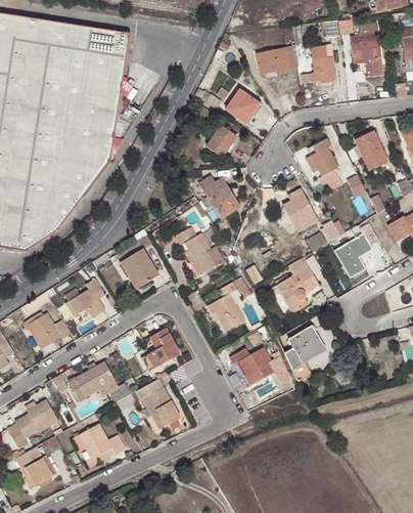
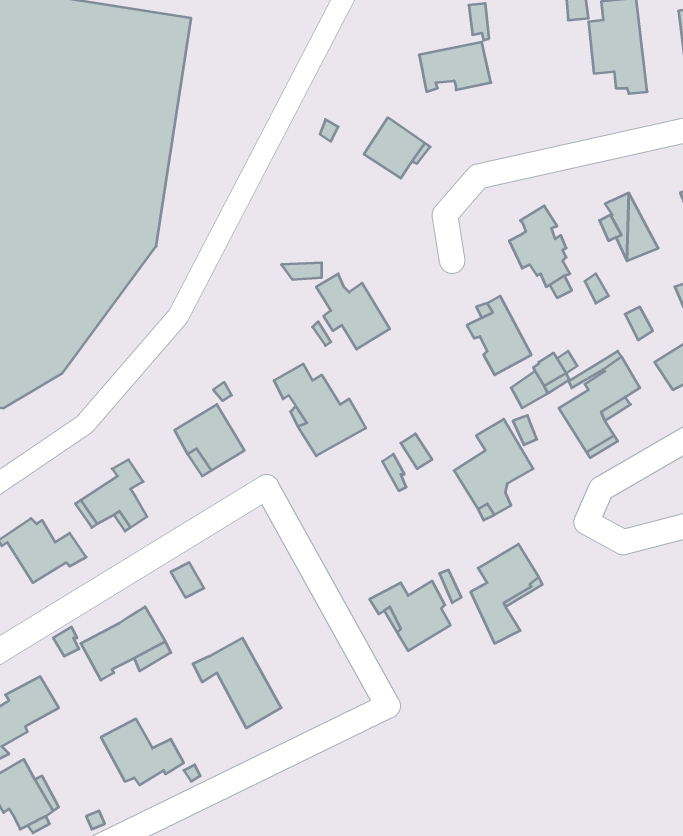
building: [301,46,335,83] -> none
building: [205,125,236,158] -> none
building: [206,282,244,331] -> none
building: [140,329,179,372] -> none

